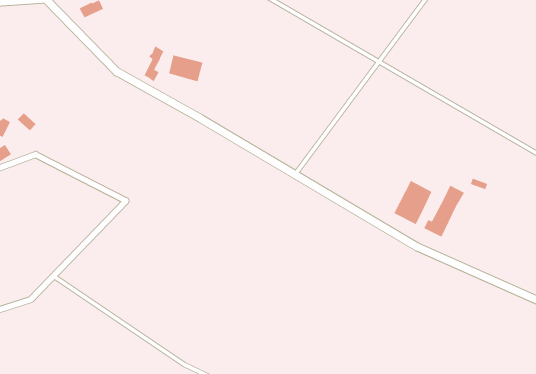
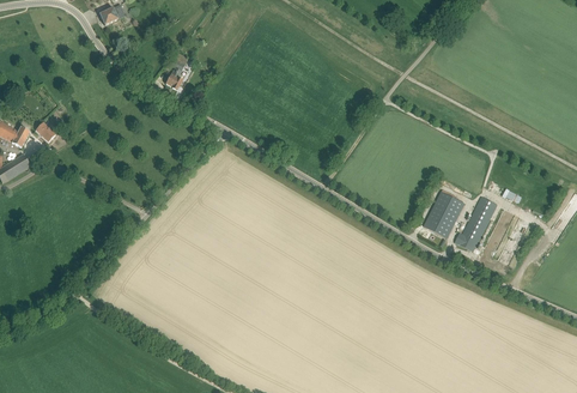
building: [168,55,204,82] -> none

